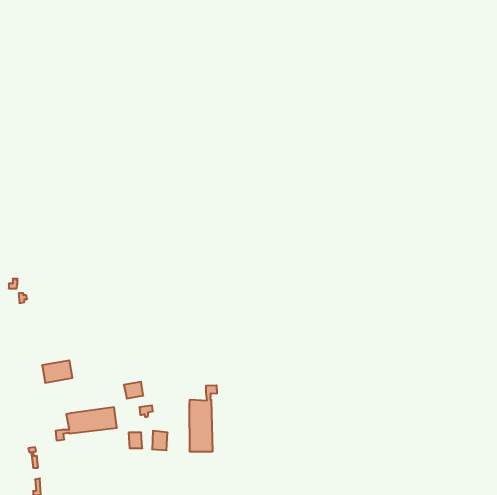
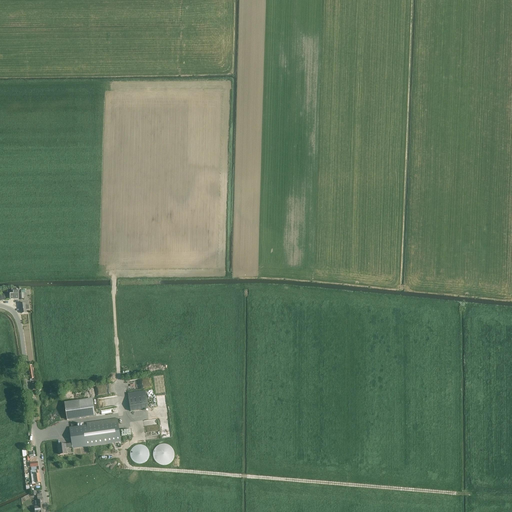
building: [42,360,72,383] -> [63,395,94,418]
building: [190,385,217,452] -> none

